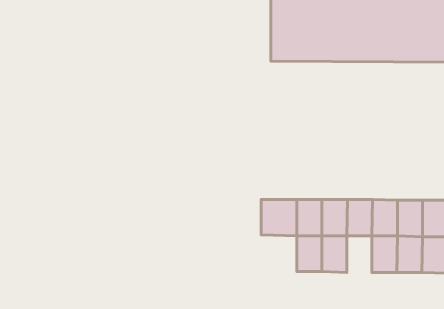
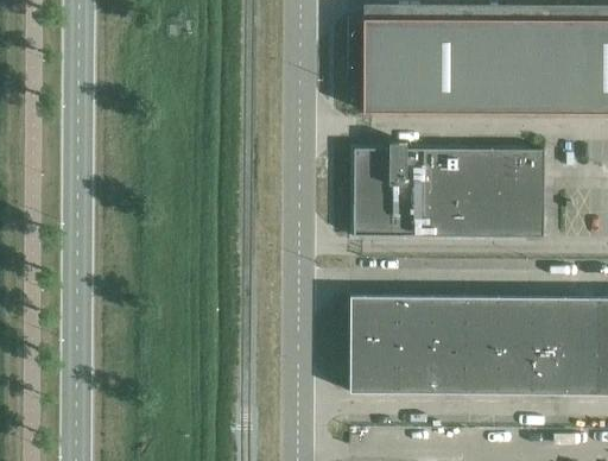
building: none -> [354,143,545,238]
building: none -> [350,343,398,392]
building: none -> [464,345,498,393]

